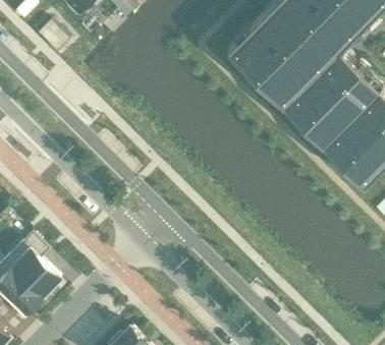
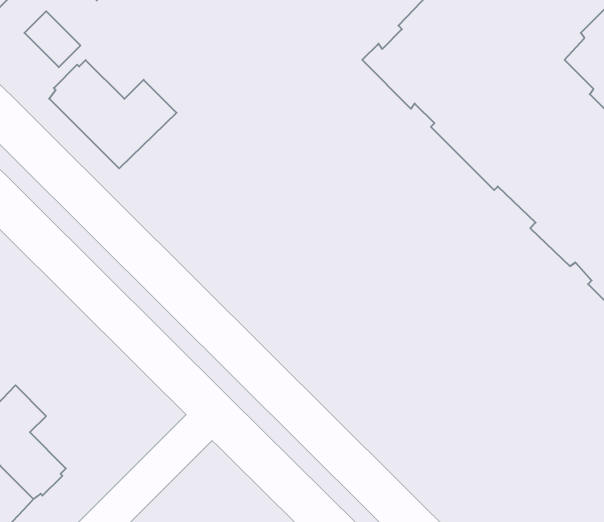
building: none -> [49,60,177,168]

